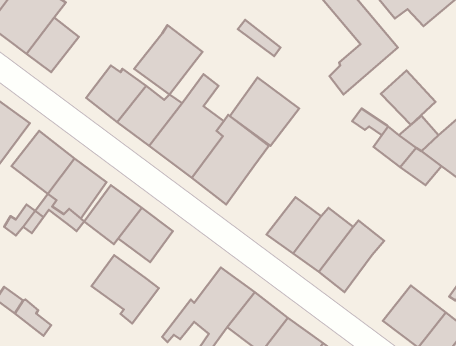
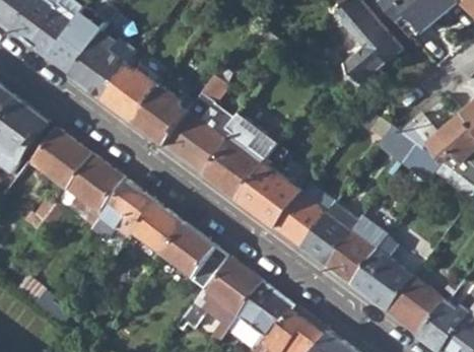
building: [134,25,203,94] -> [70,32,135,98]
building: [381,71,435,125] -> none
building: [230,78,299,146] -> [236,163,302,228]
building: none -> [349,248,412,310]
building: [92,255,159,323] -> [164,225,228,290]

